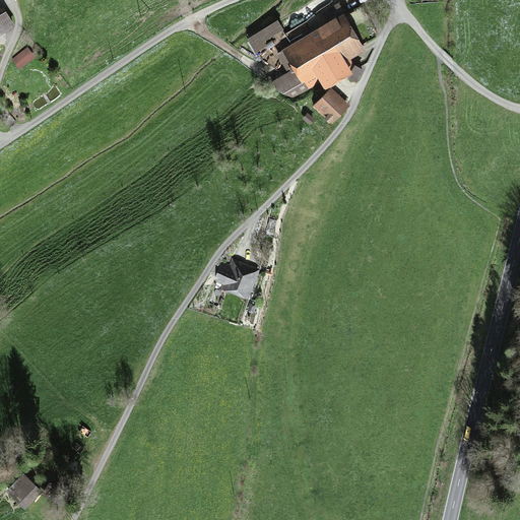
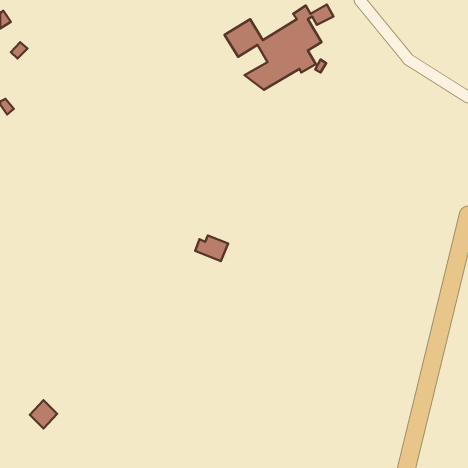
building: [318,90,347,120] -> none
building: [9,475,40,507] -> [30,400,57,428]

